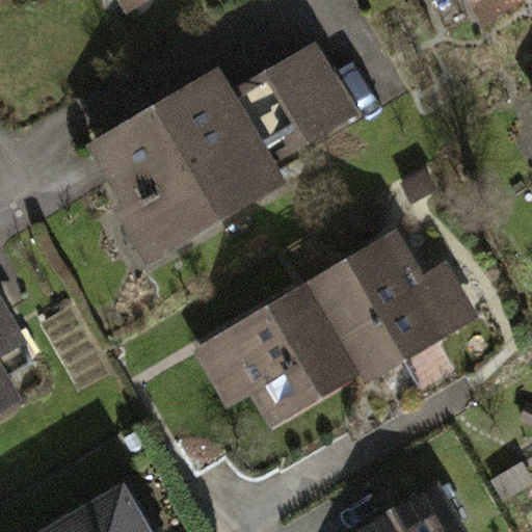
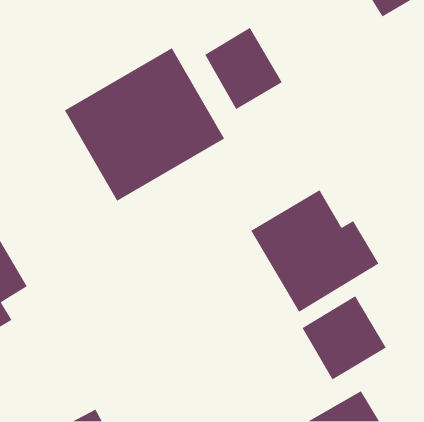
building: [198,296,353,431] -> none
building: none -> [301,295,387,380]

